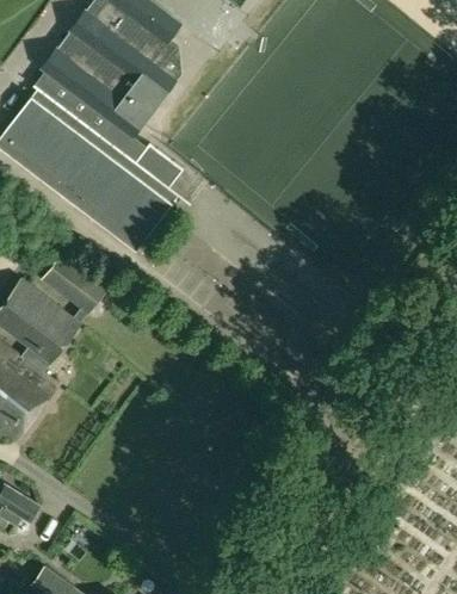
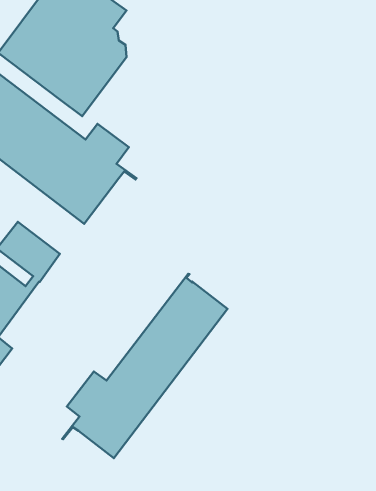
building: none -> [62,274,227,458]

